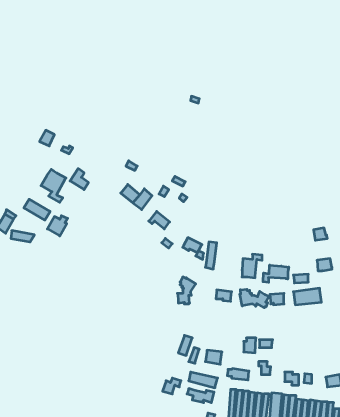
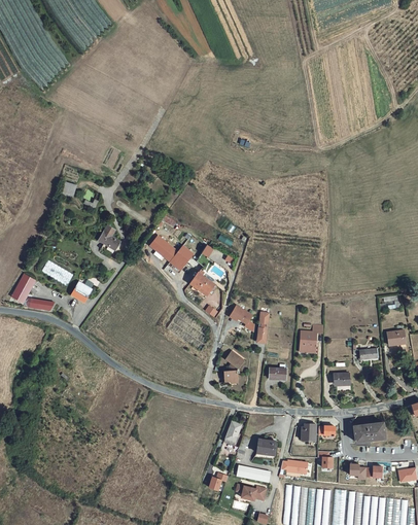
building: [41,169,66,202] -> none
building: [263,265,289,282] -> none
building: [293,288,321,305] -> [353,421,386,441]
building: [240,289,269,308] -> none

